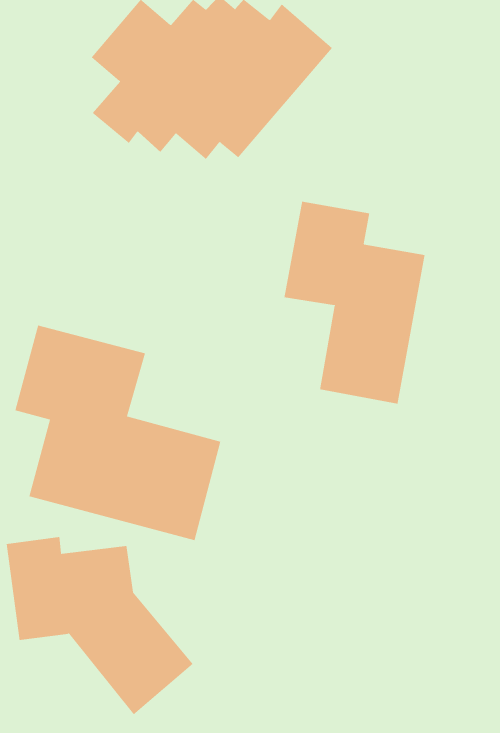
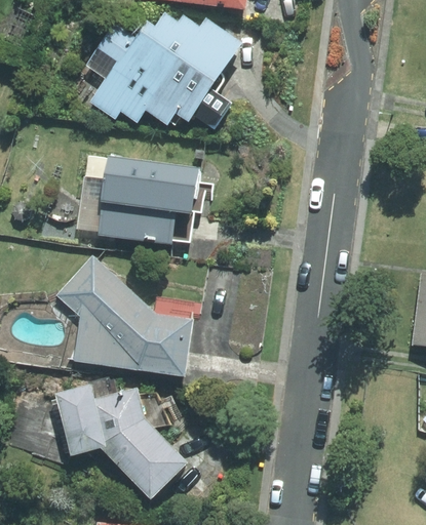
building: none -> [75,157,202,243]
building: [284,201,425,404] -> none

